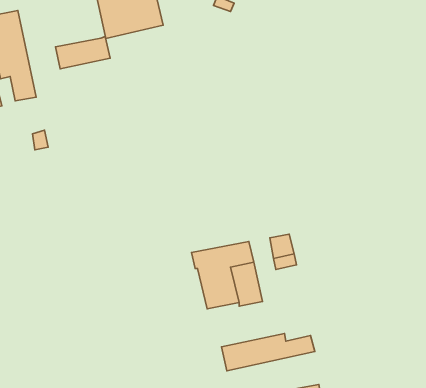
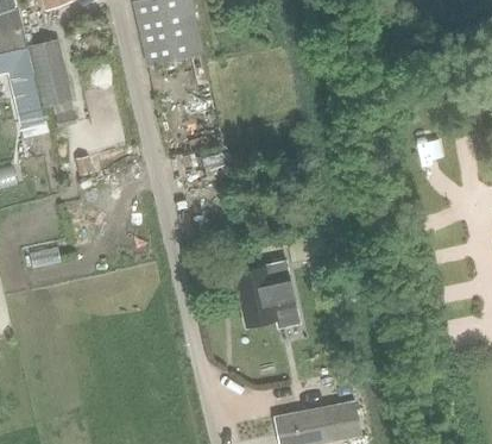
building: [55,36,110,69] -> none
building: [221,333,315,371] -> none

